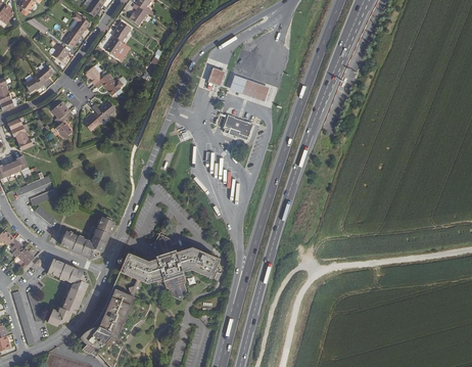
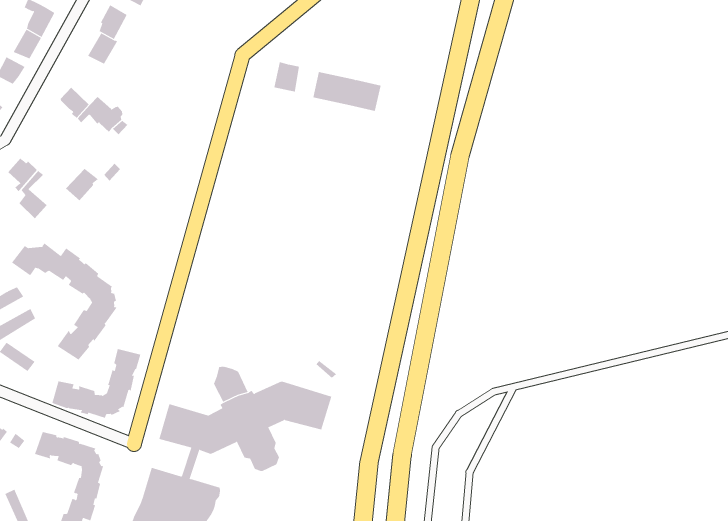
building: [223,113,252,139] -> none
building: none -> [11,242,117,360]

